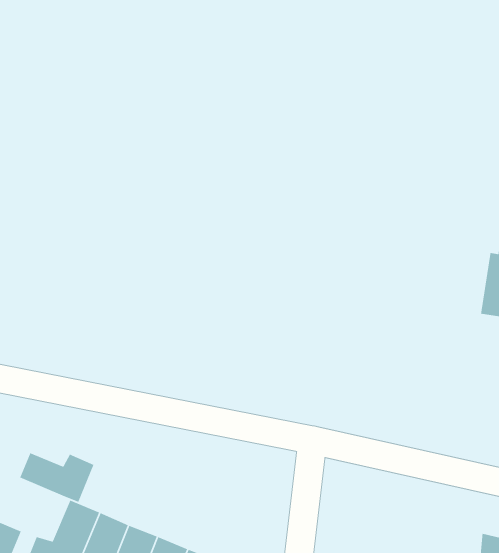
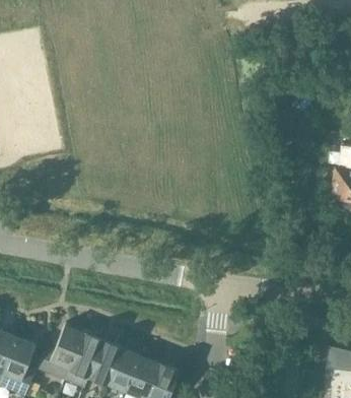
building: [19,452,95,503] -> none

